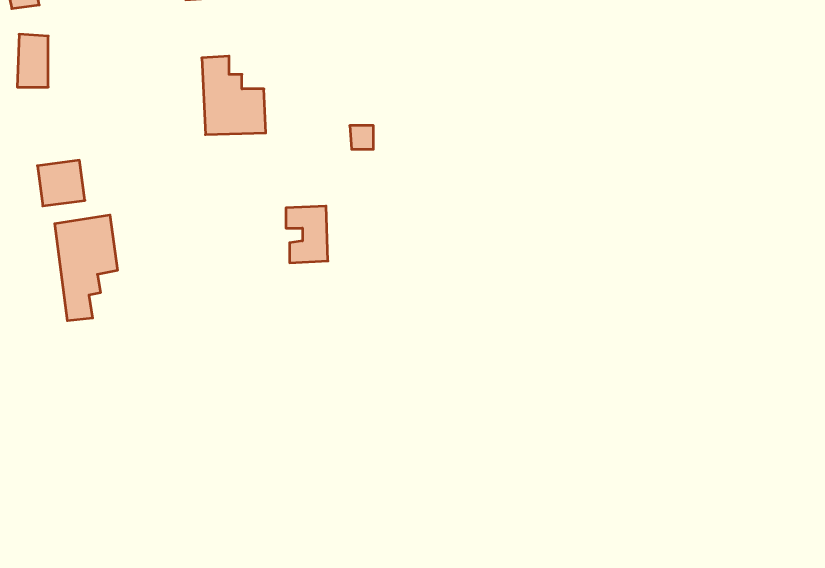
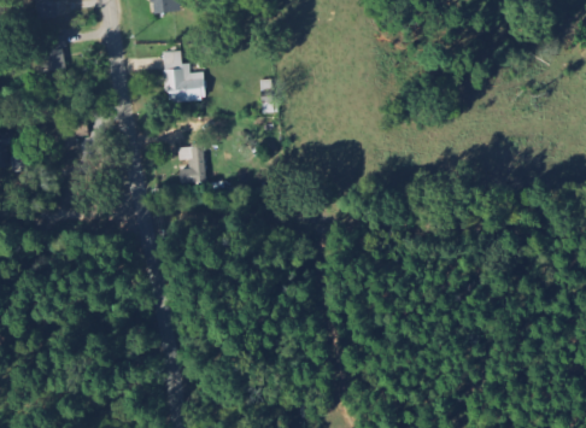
building: [286,206,328,263] -> [177,145,205,182]
building: [55,215,117,321] -> none

